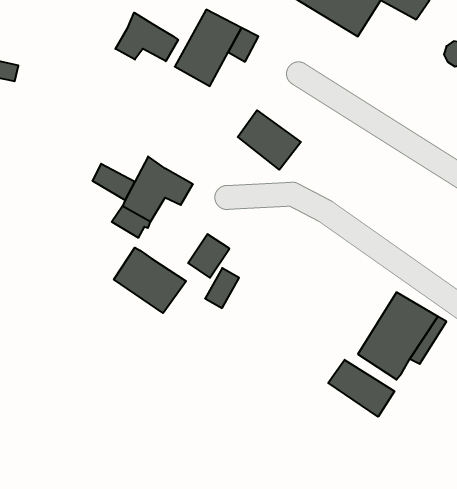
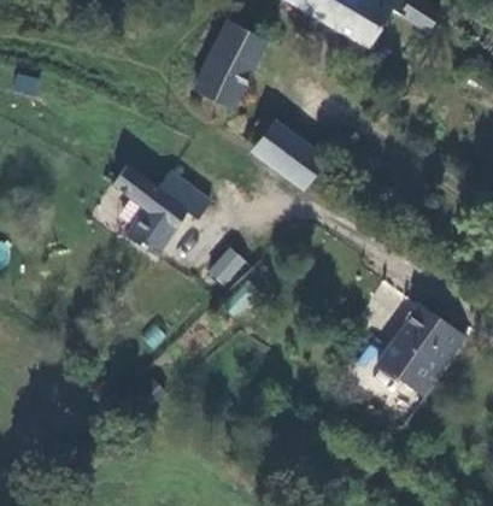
building: [115,13,178,61] -> none
building: [114,248,186,313] -> none
building: [328,360,394,417] -> none

